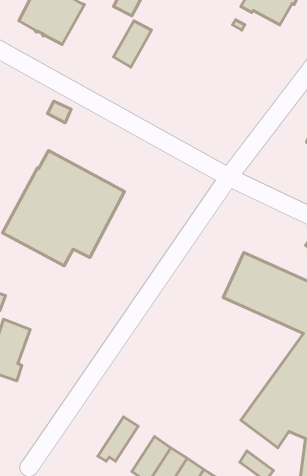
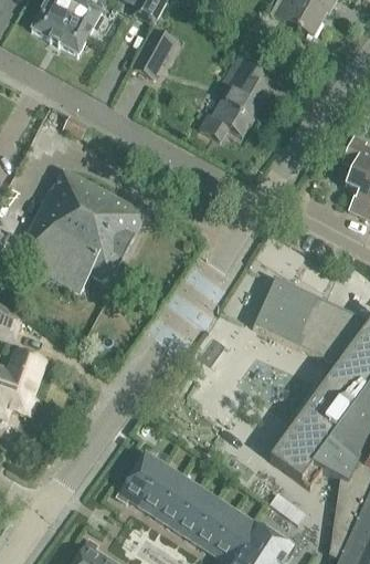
building: none -> [201,52,271,138]
building: none -> [136,464,178,513]

